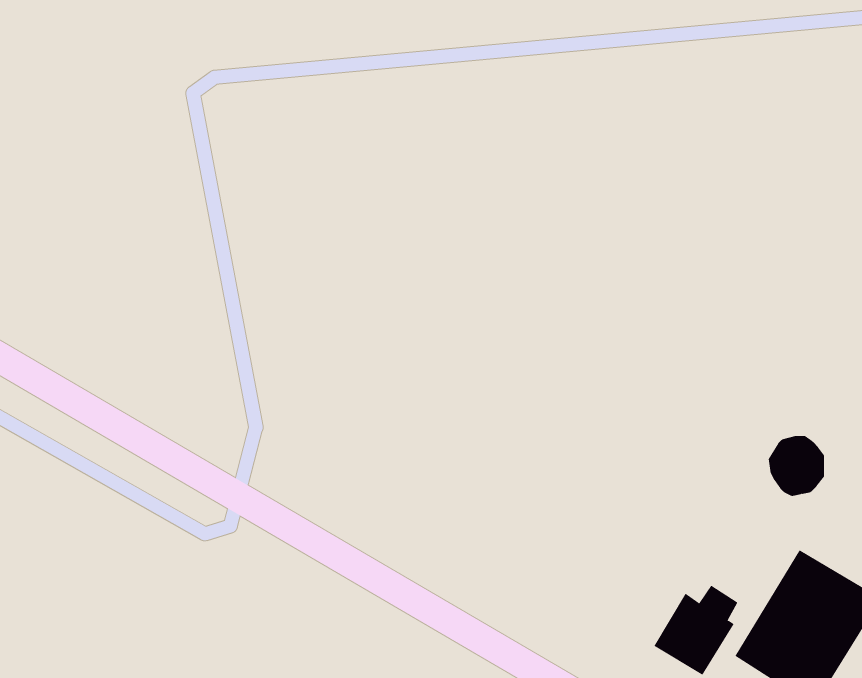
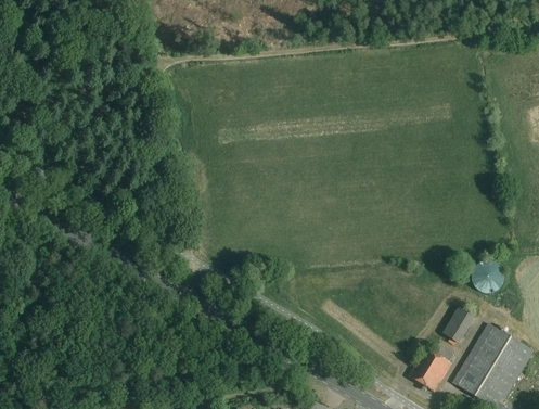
building: none -> [441,305,475,343]

